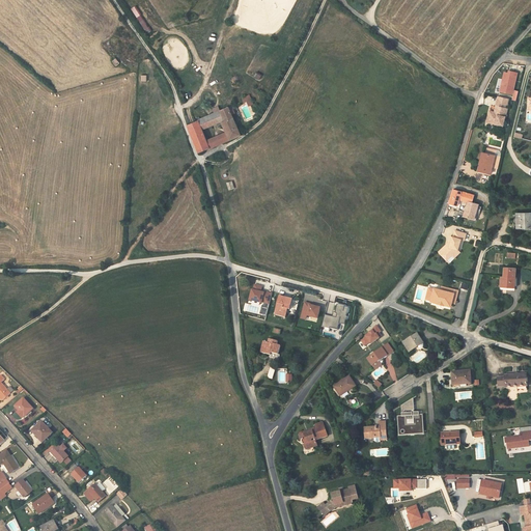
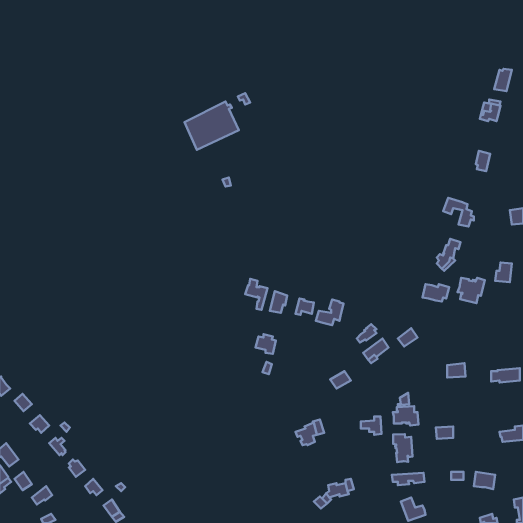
building: none -> [457,278,485,303]
building: none -> [393,434,412,462]

